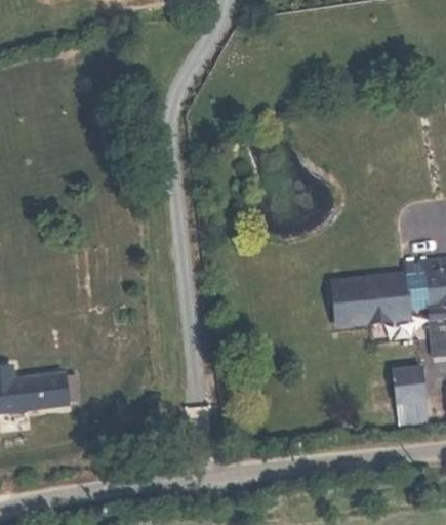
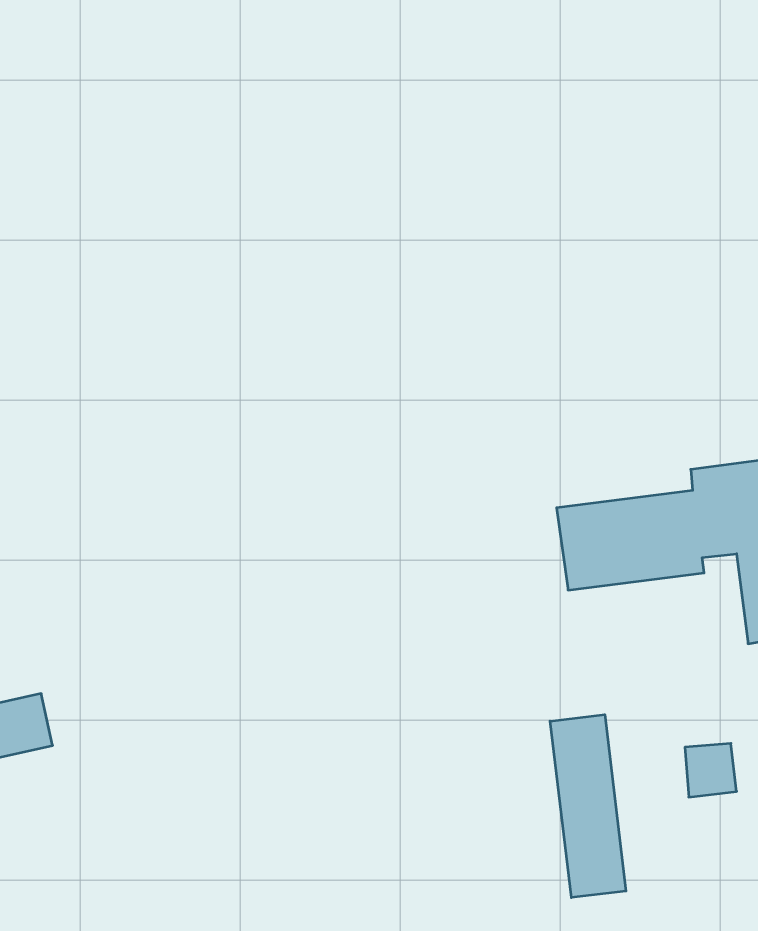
building: [396,370,424,405] -> none
building: none -> [550,715,626,898]

